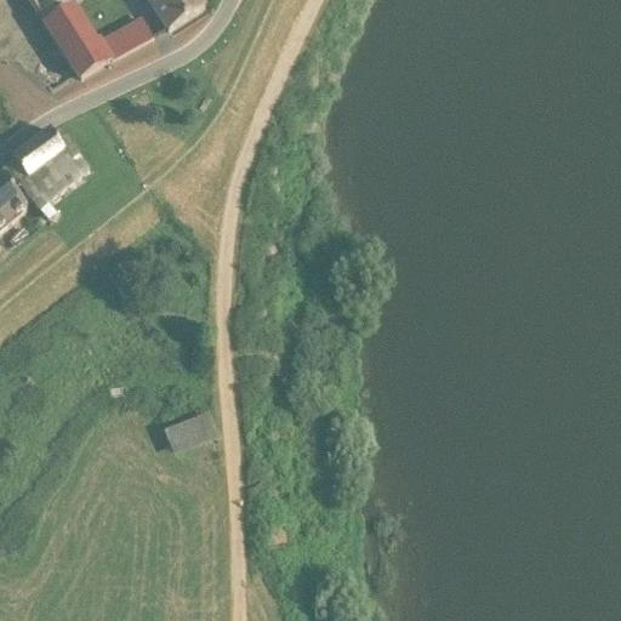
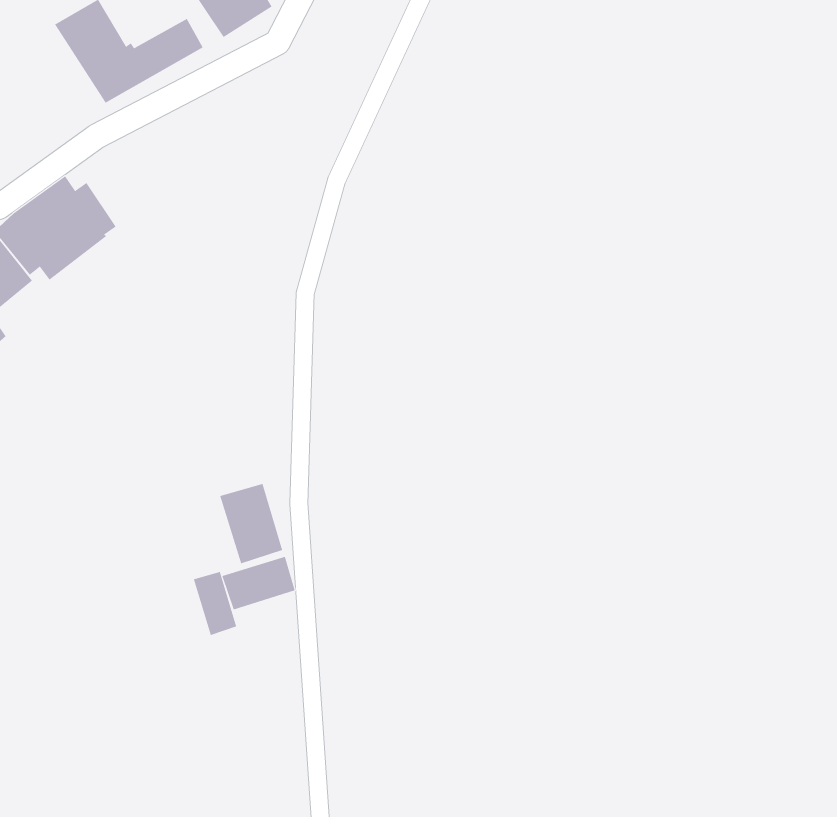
building: none -> [220,483,283,564]
building: none -> [193,571,237,636]

